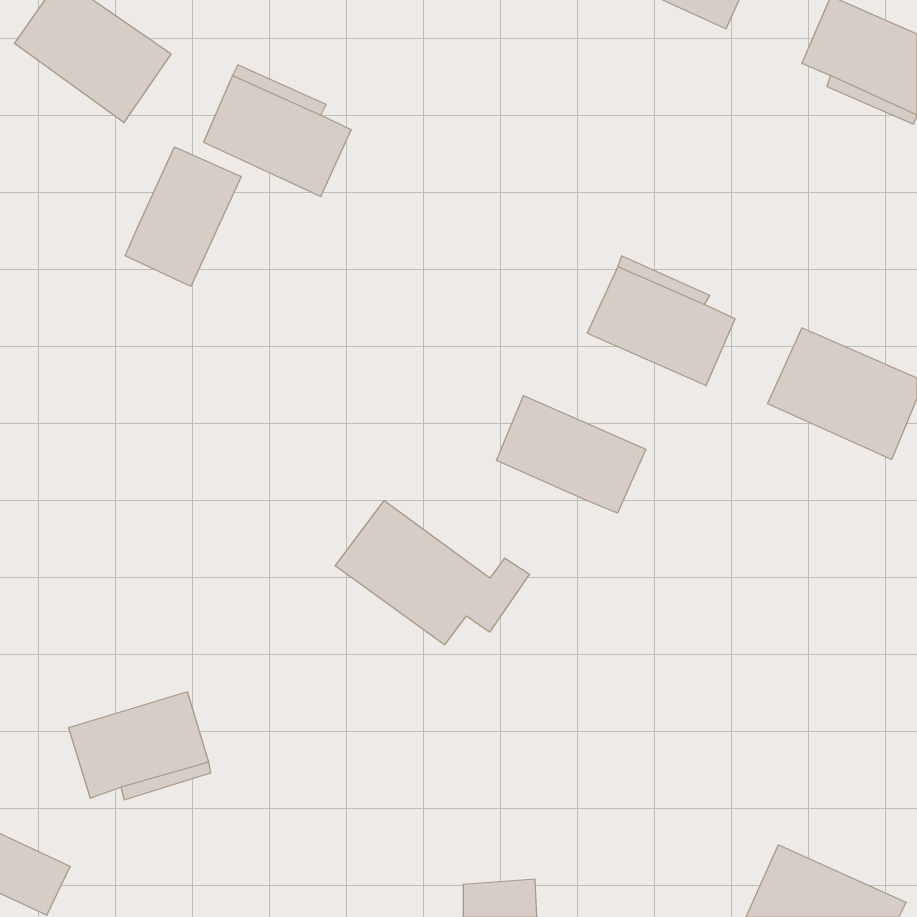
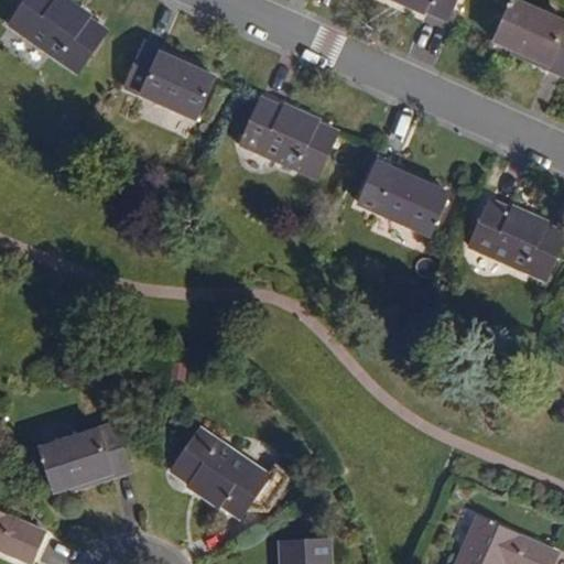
building: [125,147,241,286] -> none
building: none -> [240,99,337,180]
building: [496,396,646,513] -> none
building: [335,501,530,645] -> [170,430,289,518]

